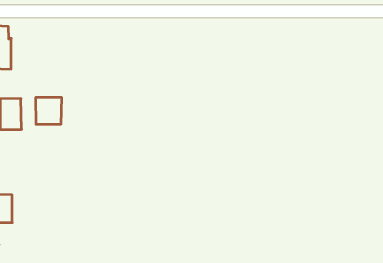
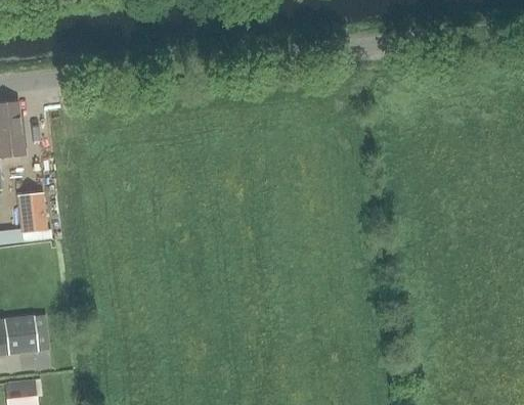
building: [36,97,61,124] -> none

